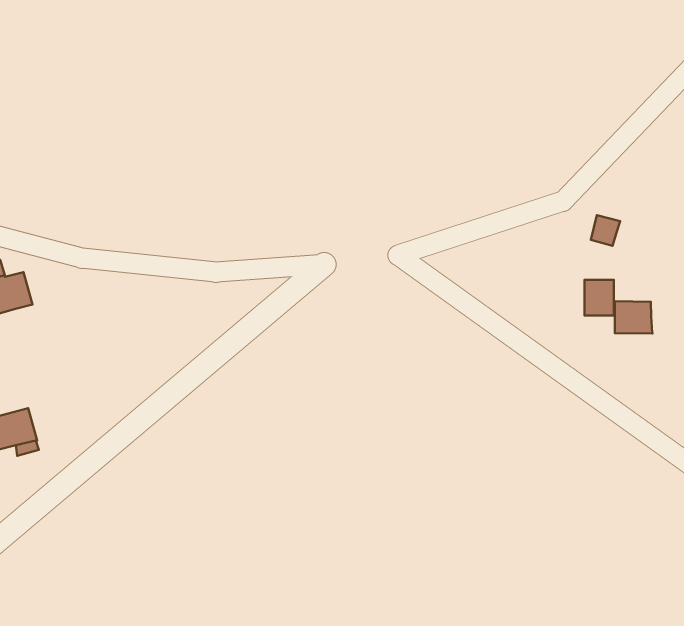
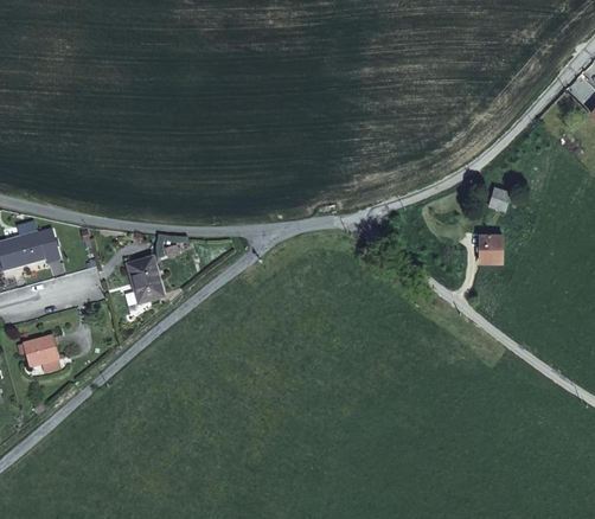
building: [615,301,653,334] -> none
building: none -> [128,258,164,303]

